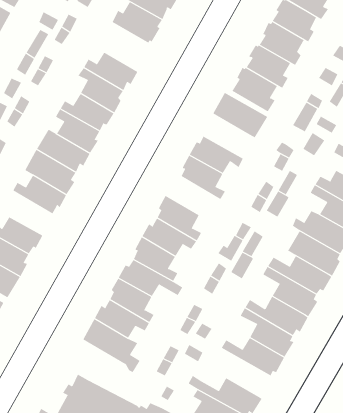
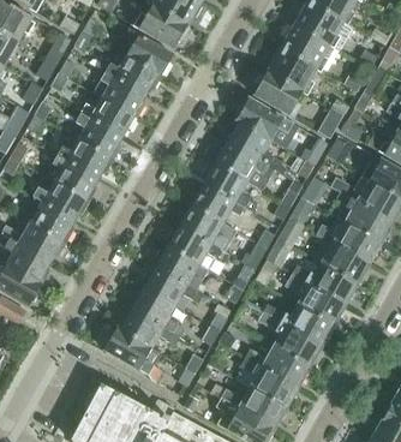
building: none -> [124,29,173,76]
building: none -> [227,118,274,163]
building: none -> [188,181,245,221]
building: none -> [29,196,74,241]
building: none -> [234,356,295,407]

